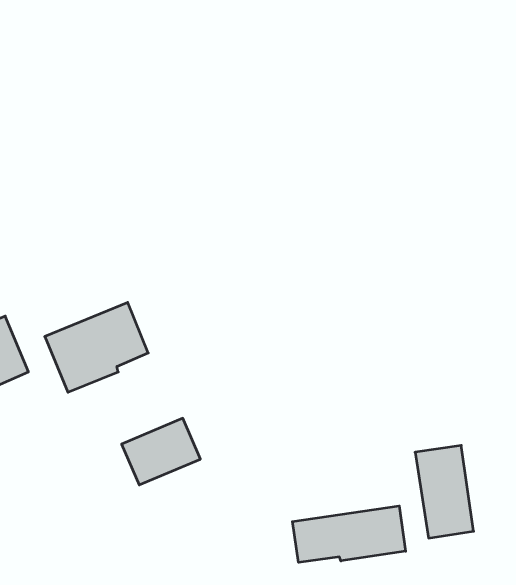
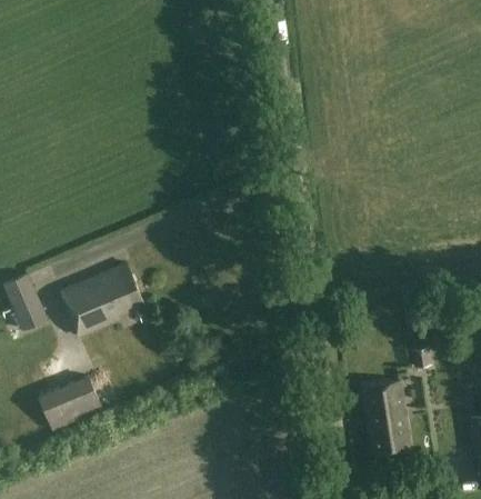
building: [122,418,200,485] -> [38,376,102,430]
building: [292,506,406,562] -> none

